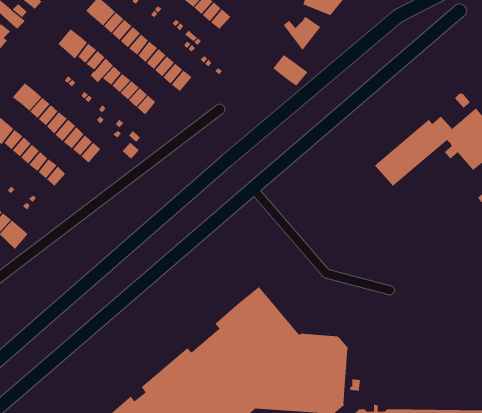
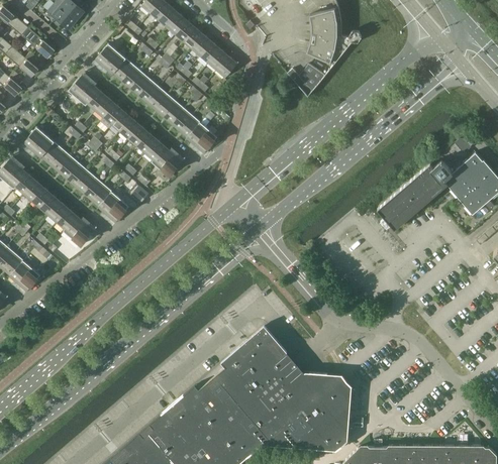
building: [273,54,308,87] -> none
building: none -> [188,123,217,152]
building: none -> [152,147,182,177]
building: none -> [99,193,128,221]
building: none -> [63,217,94,246]

